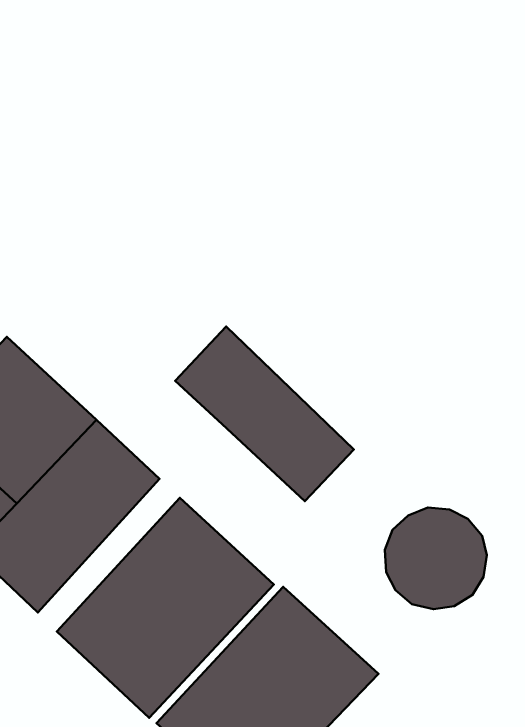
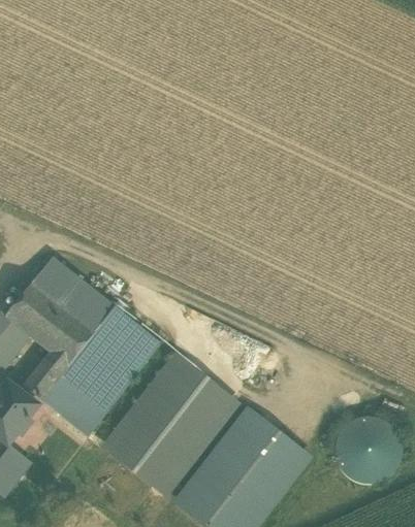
building: [175,326,354,501] -> none
building: [385,508,487,609] -> [334,417,402,483]

